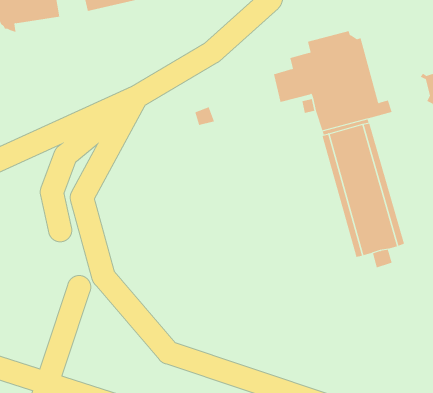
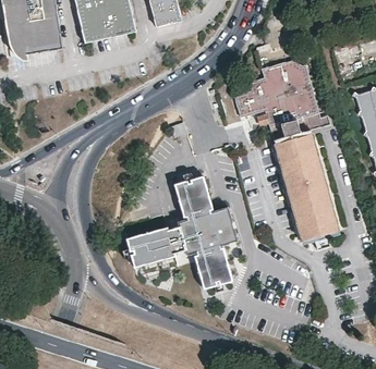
building: none -> [126,175,232,287]

